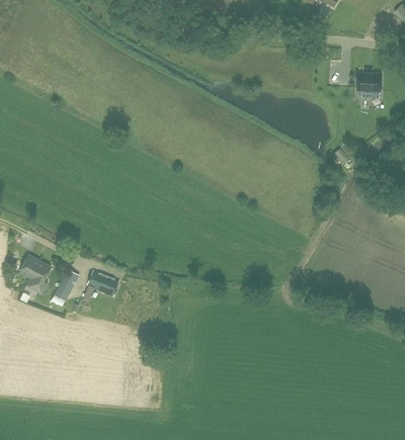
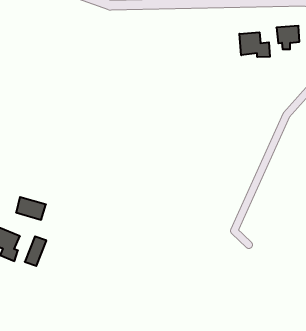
building: none -> [239,32,270,57]
building: [86,268,119,295] -> [16,197,46,220]

